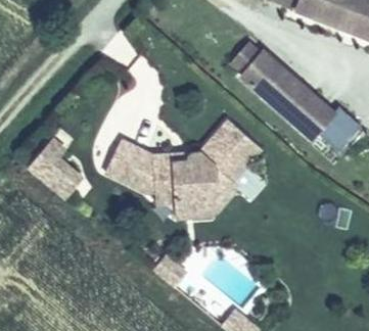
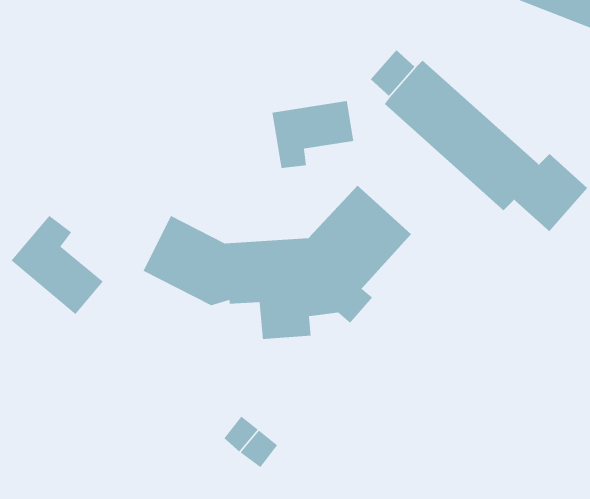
building: none -> [272,100,354,169]

